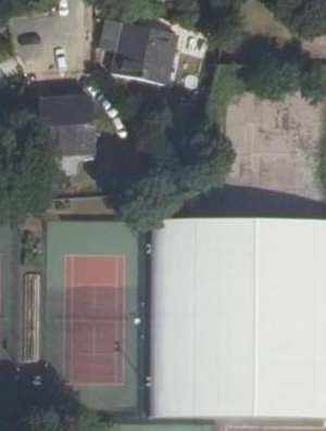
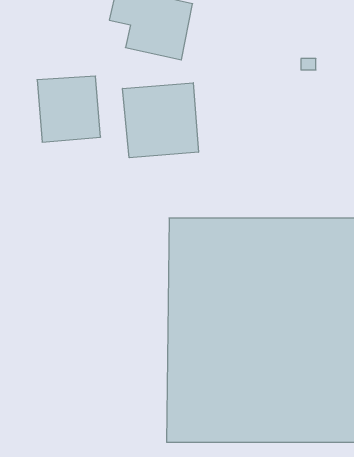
building: none -> [123,83,198,158]

